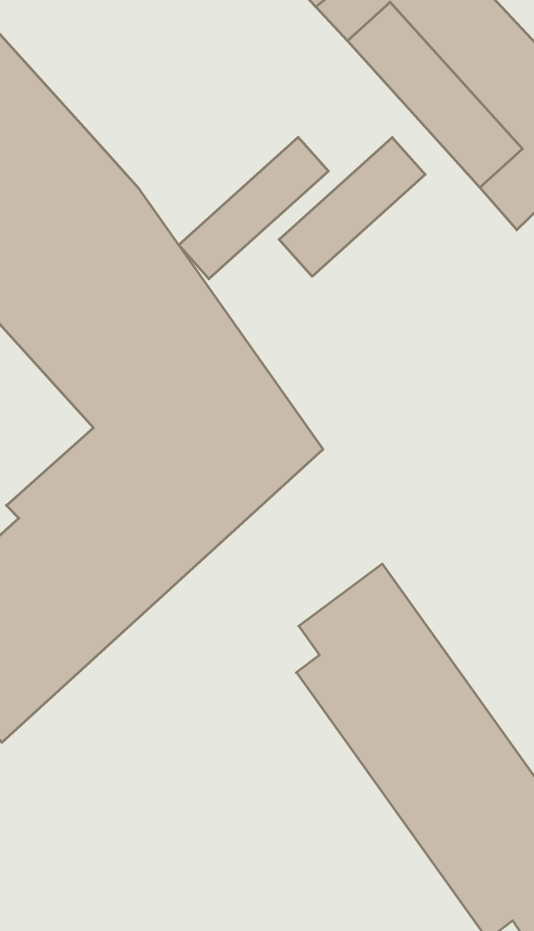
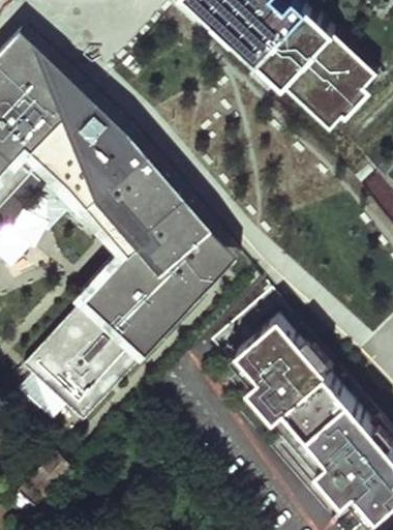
building: [179,137,328,279] -> none
building: [279,137,425,276] -> none

